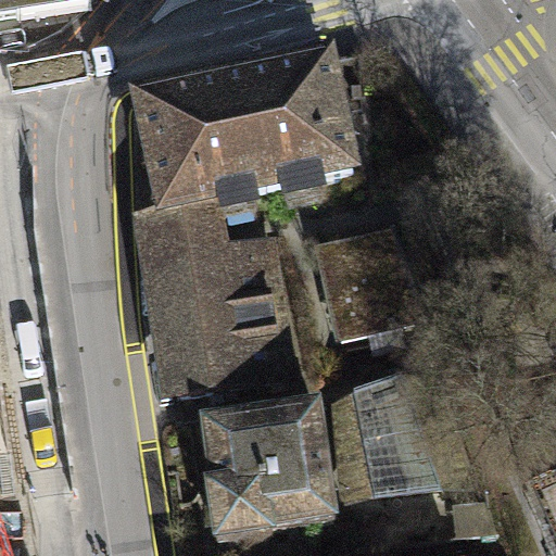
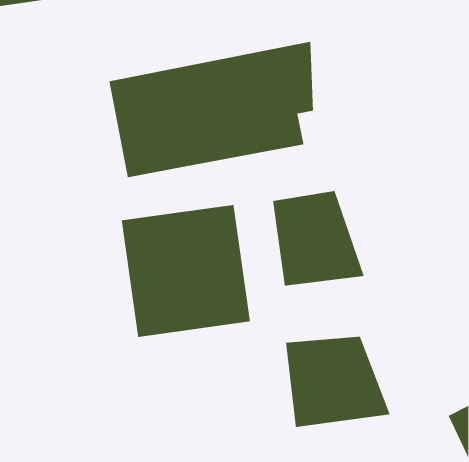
building: [134,195,228,257] -> none
building: [197,396,334,533] -> none

